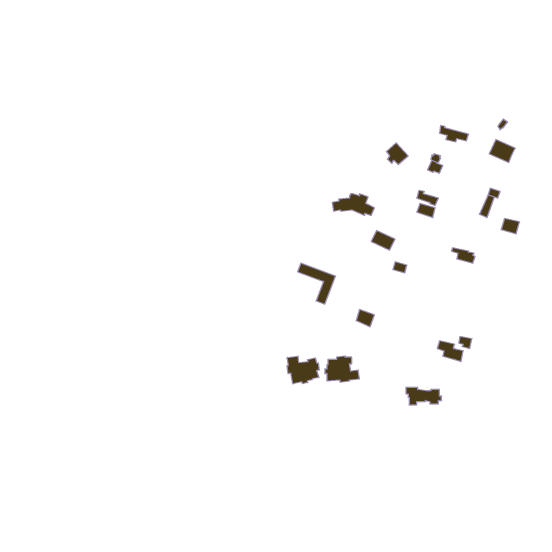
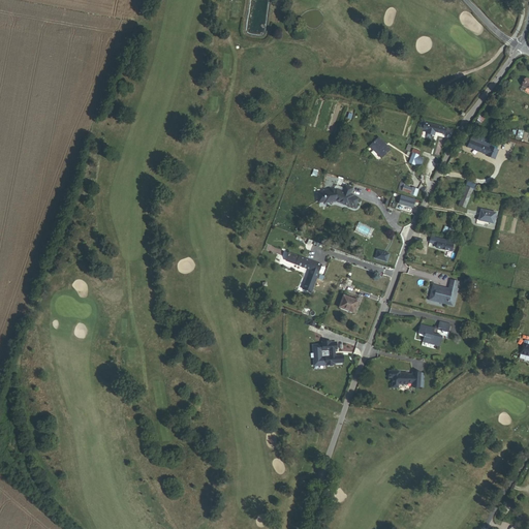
building: none -> [429,280,458,305]
building: [287,356,319,384] -> none

